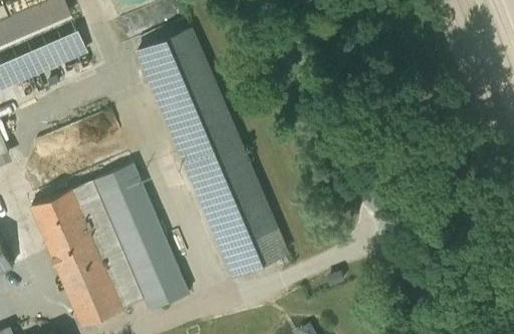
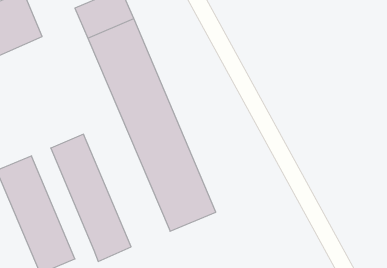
building: [72,181,145,309] -> none

